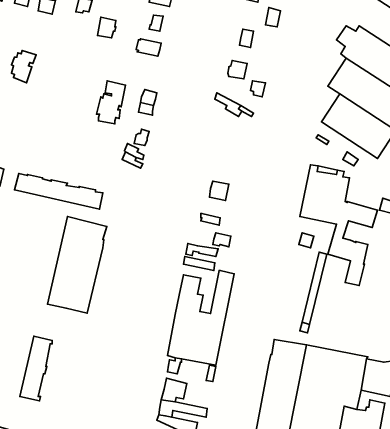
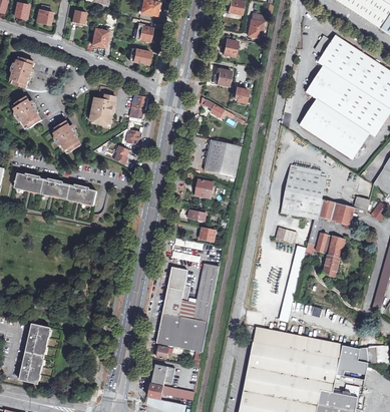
building: none -> [14,96,41,126]
building: none -> [55,121,81,151]
building: none -> [206,139,241,176]
building: [47,217,107,313] -> none

